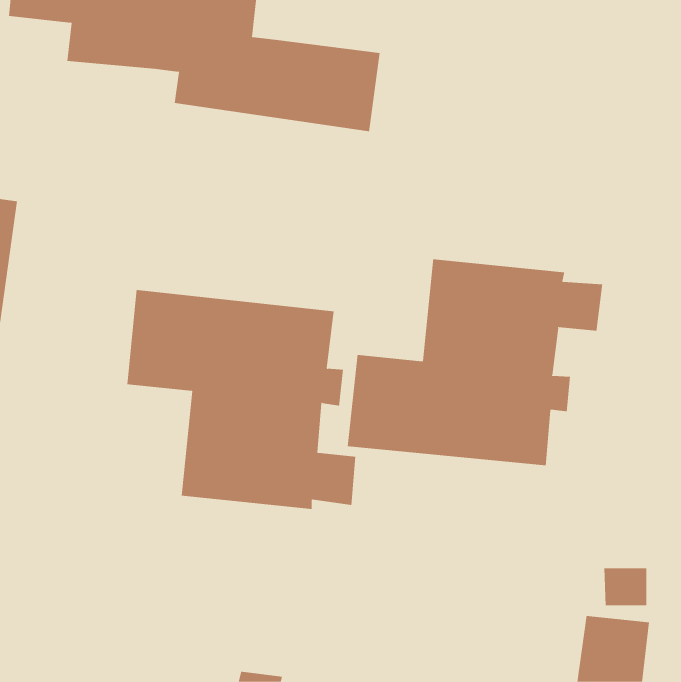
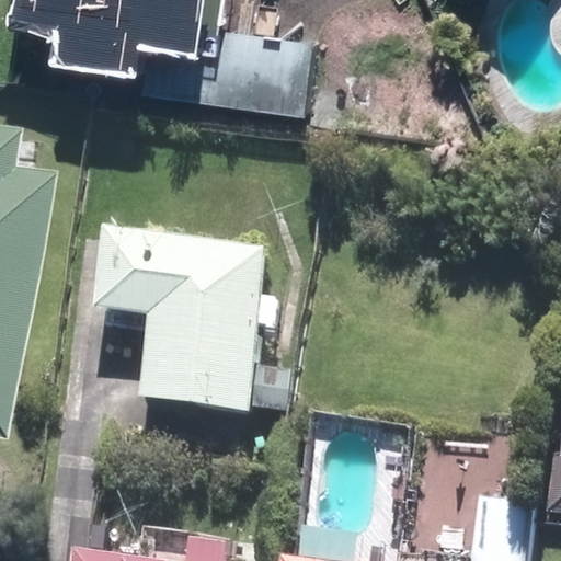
building: [347,258,603,466] -> none

